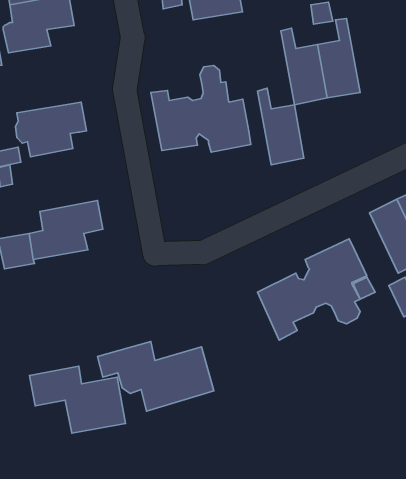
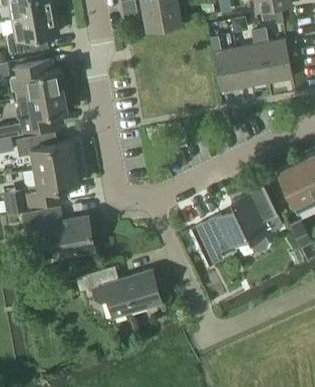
building: none -> [10,58,64,99]
building: [151,65,251,152] -> none
building: [257,88,304,165] -> [259,27,293,83]
building: none -> [16,133,76,171]
building: [30,366,125,433] -> [24,208,94,257]

